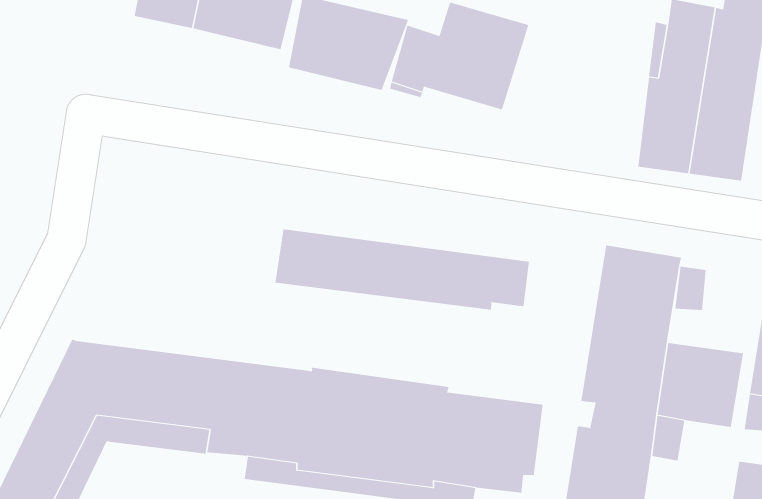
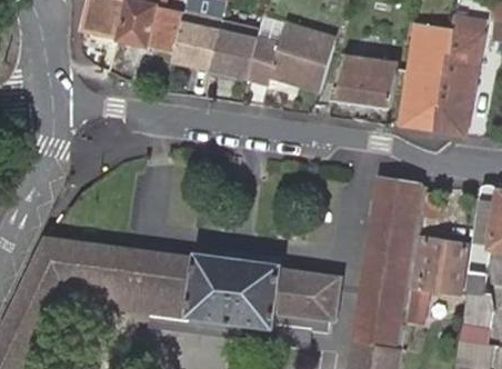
building: none -> [334,56,395,106]
building: [275,228,529,310] -> none

